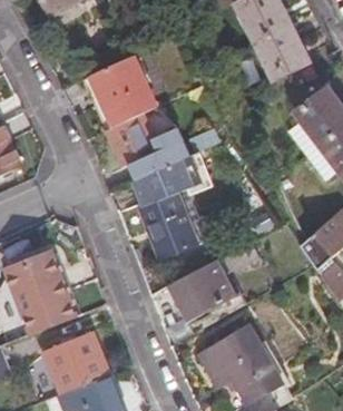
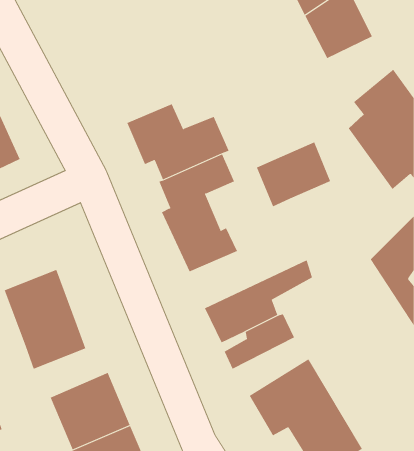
building: [82,59,156,133] -> none
building: none -> [256,142,331,207]

